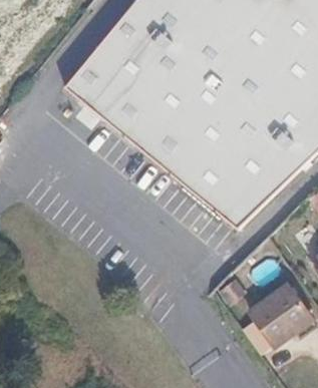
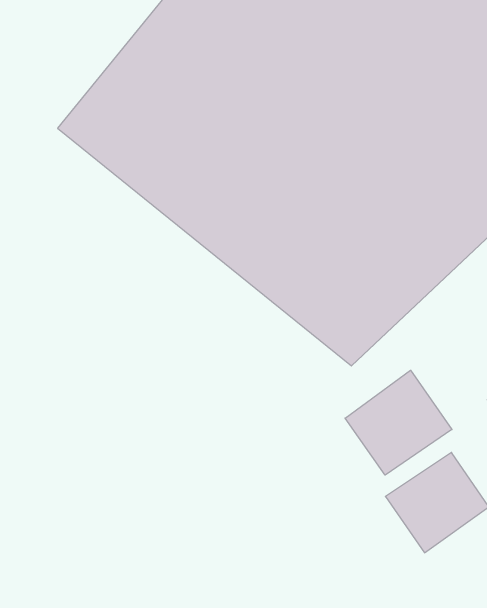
building: none -> [345,370,452,475]

